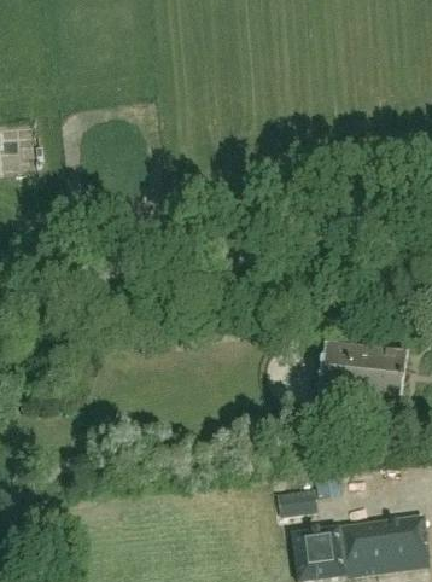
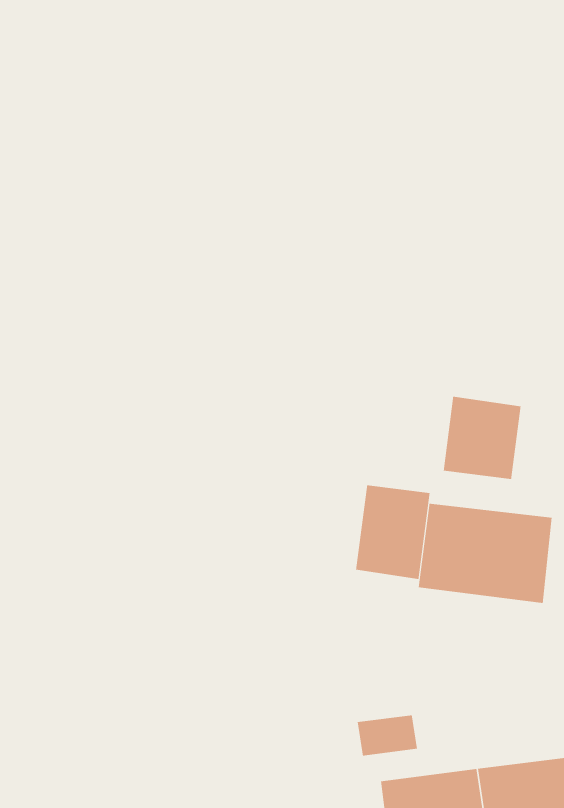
building: none -> [443,396,521,480]
building: none -> [356,485,430,580]

